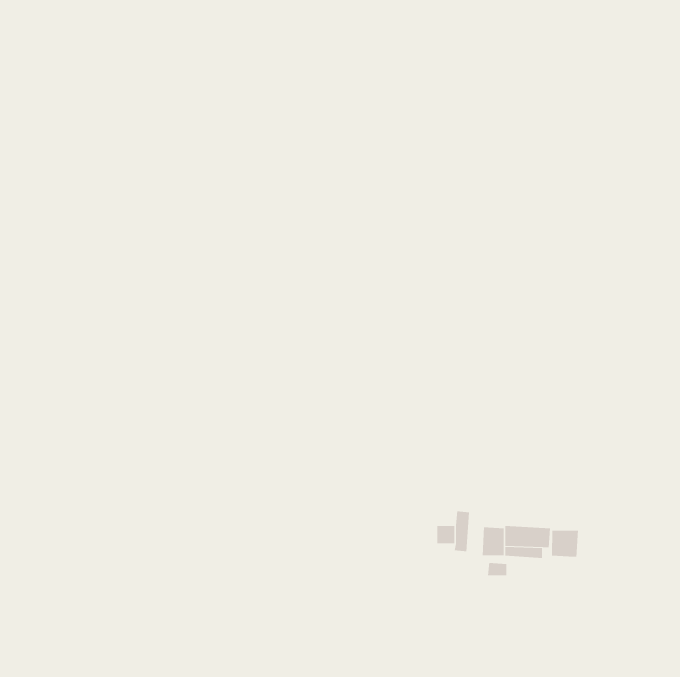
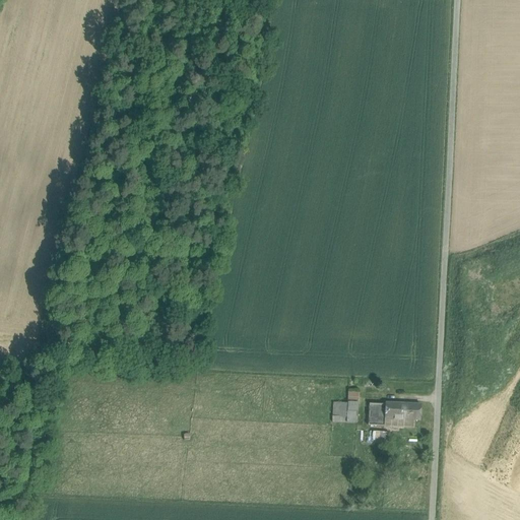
building: [552,530,579,558] -> none

